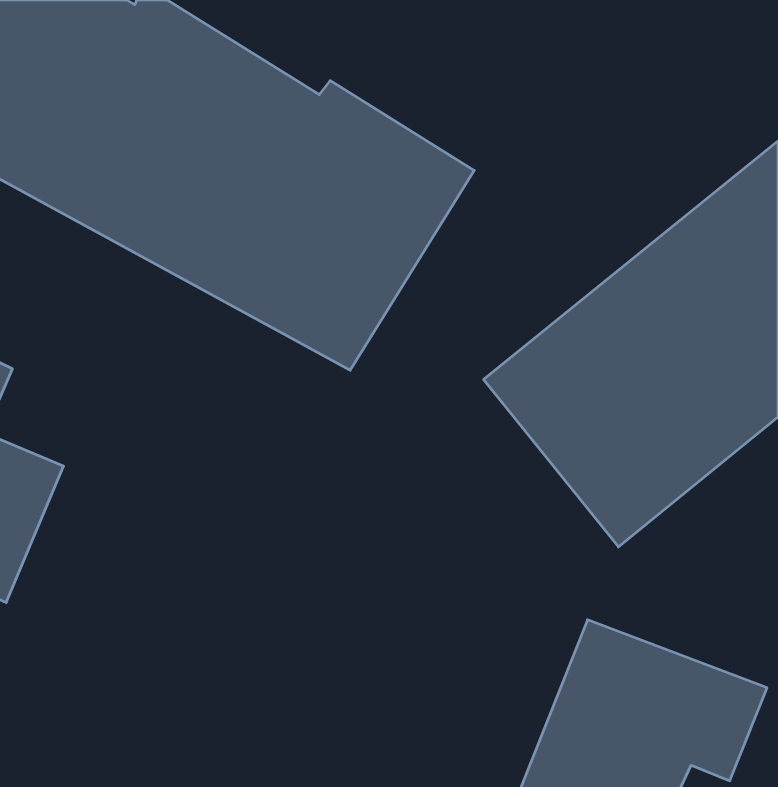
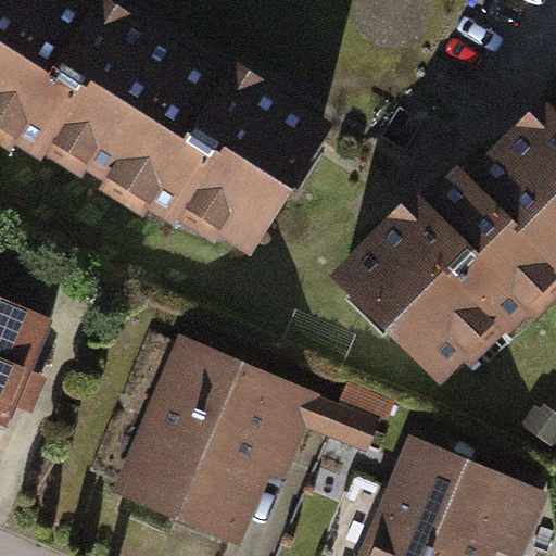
building: none -> [130,343,393,525]

